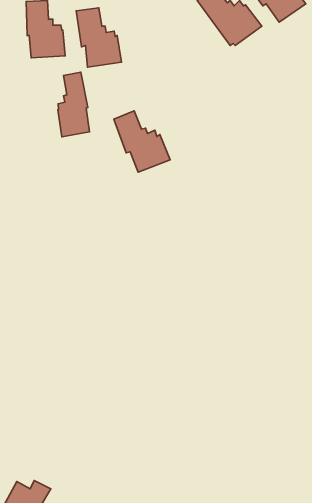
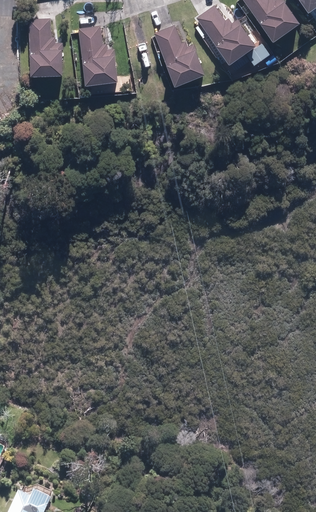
building: [58,72,90,137] -> none
building: [114,111,170,172] -> [153,26,208,86]

